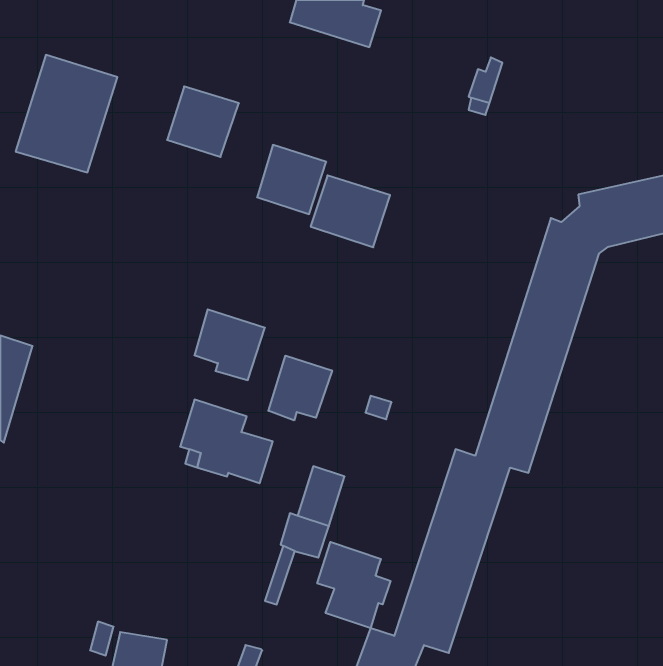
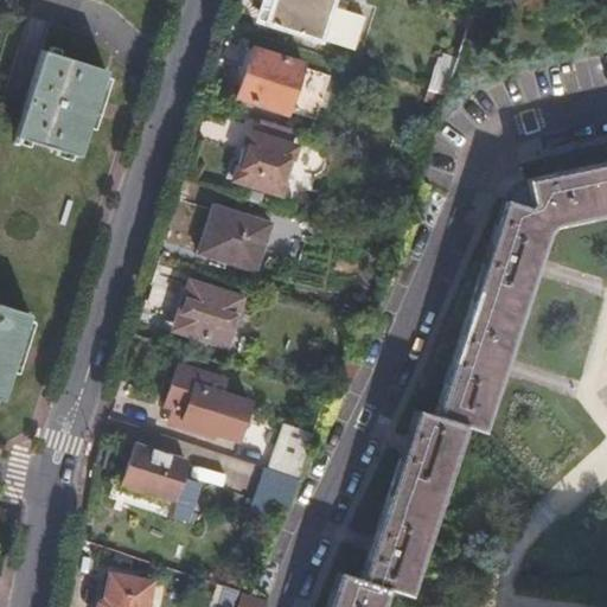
building: [167,86,239,157] -> [239,50,305,114]
building: [311,175,390,247] -> [200,206,273,271]
building: [268,356,332,420] -> none
building: none -> [127,445,202,524]
building: [317,542,391,628] -> none

